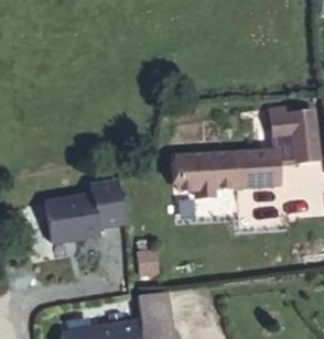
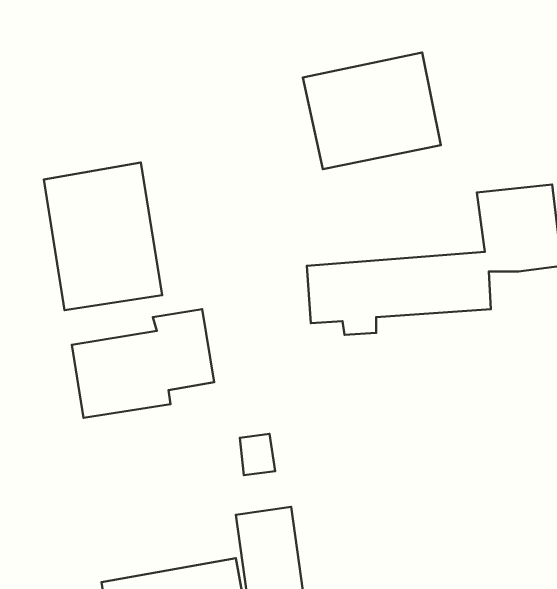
building: none -> [303,53,441,169]
building: none -> [44,163,162,310]

